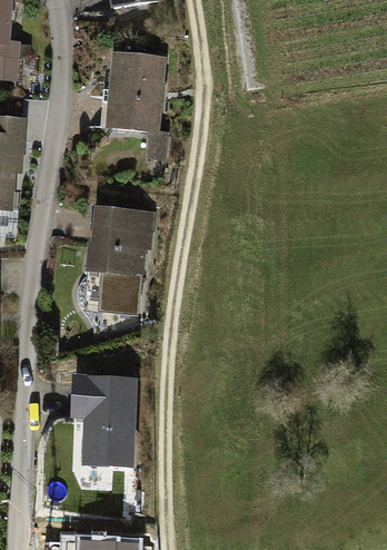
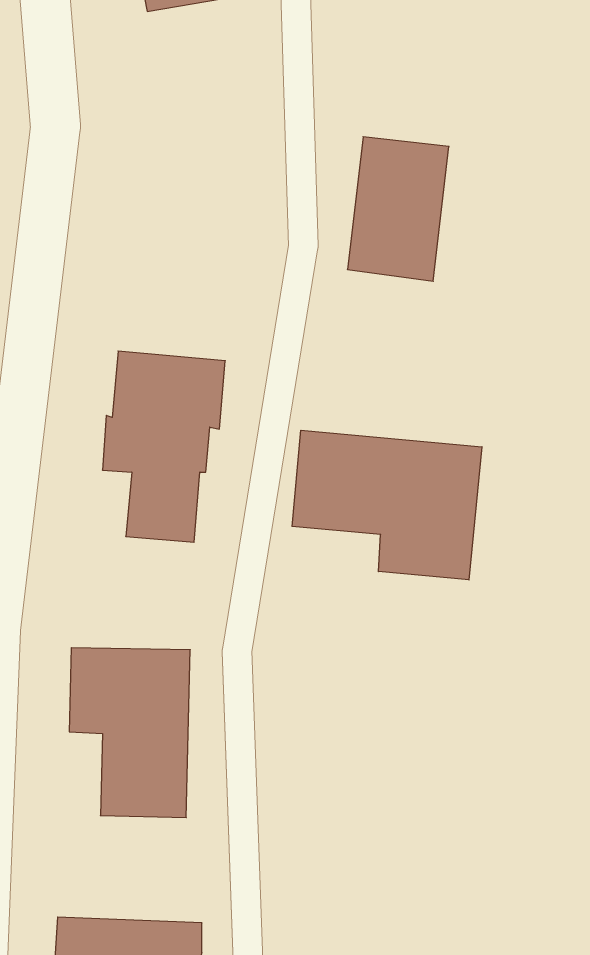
building: [108,51,166,134] -> [347,137,449,281]
building: none -> [292,430,482,580]

